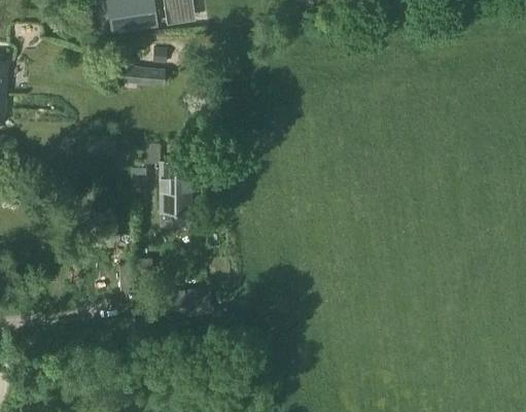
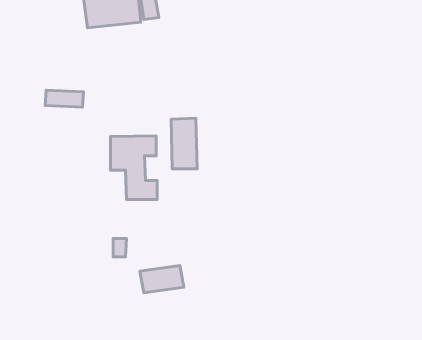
building: [132,65,173,83] -> [45,90,83,107]
building: none -> [171,118,197,169]

